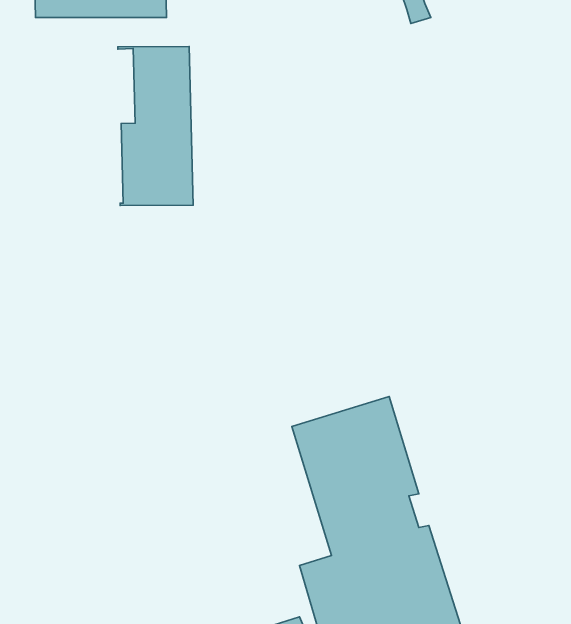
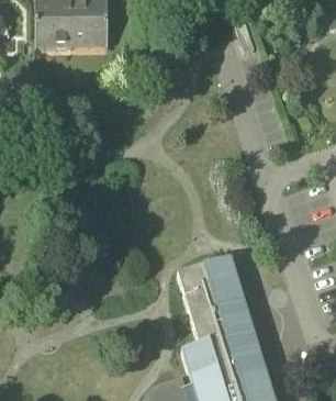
building: [118,46,193,206] -> none

